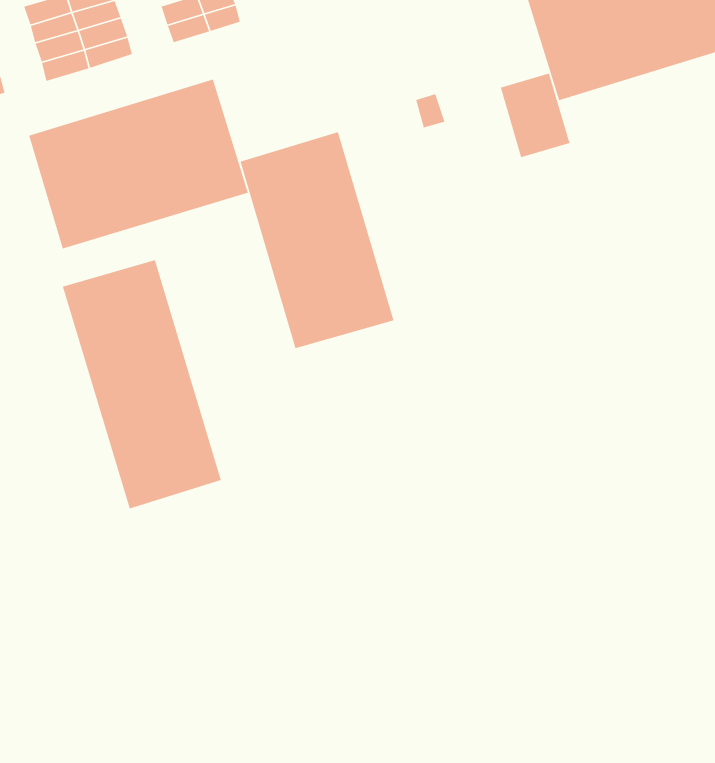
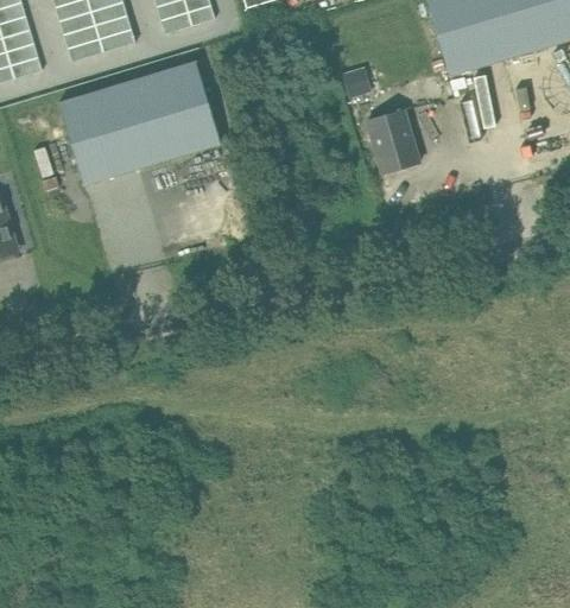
building: [500,73,571,158] -> [367,109,419,172]
building: [240,131,395,349] -> none
building: [62,259,222,509] -> none

